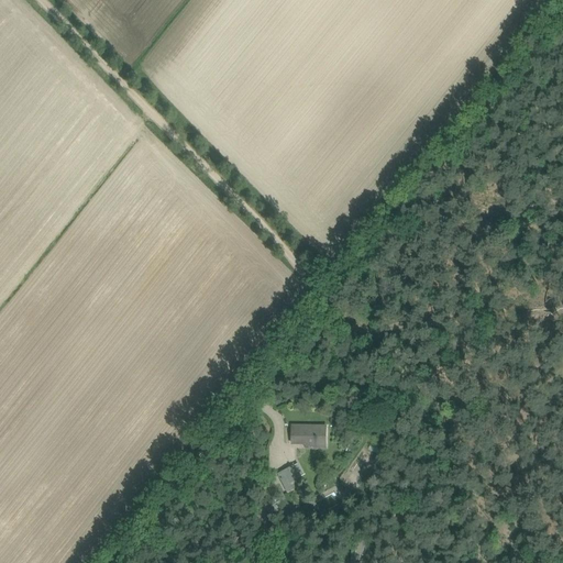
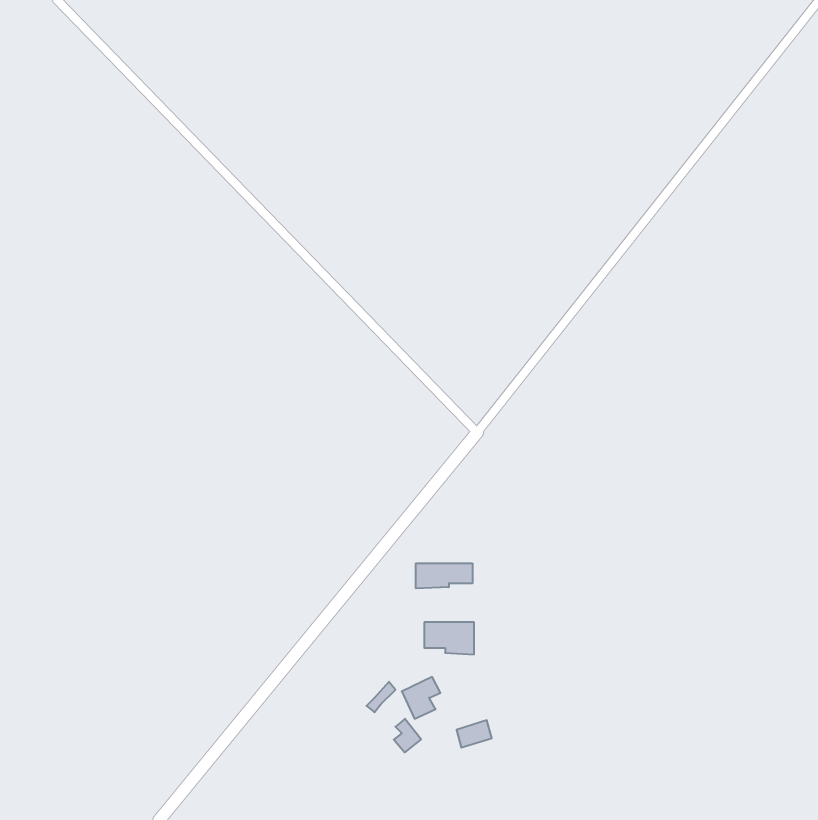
building: none -> [416,563,472,588]

